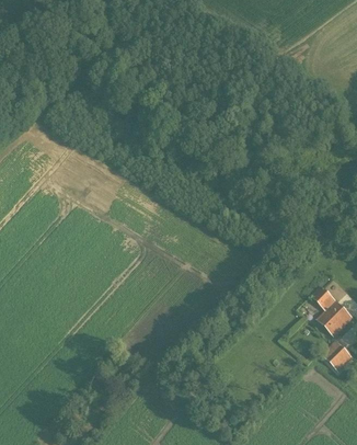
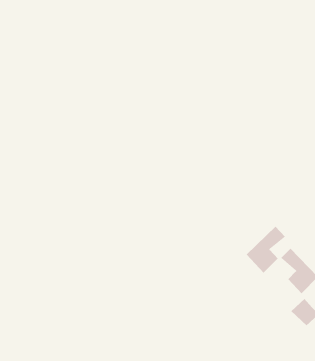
building: none -> [246,226,286,273]

